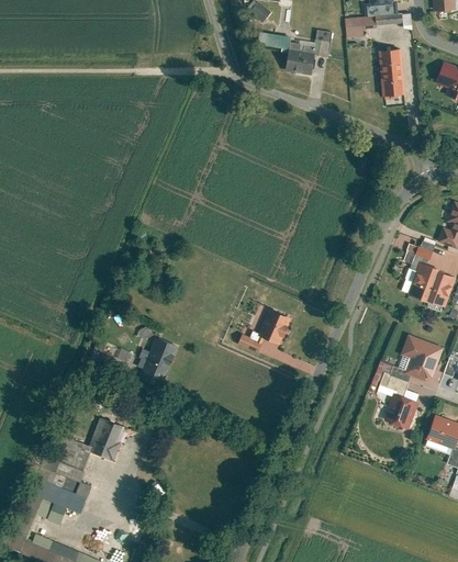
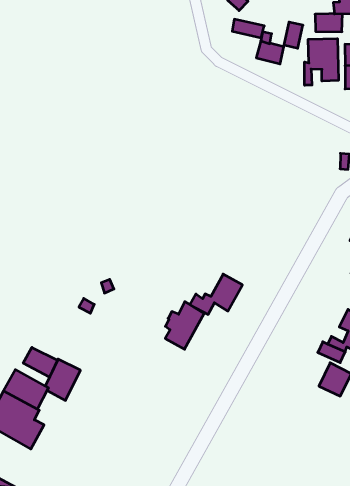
building: none -> [305,39,338,85]
building: [137,337,178,389] -> [165,302,204,349]
building: none -> [23,347,57,377]

